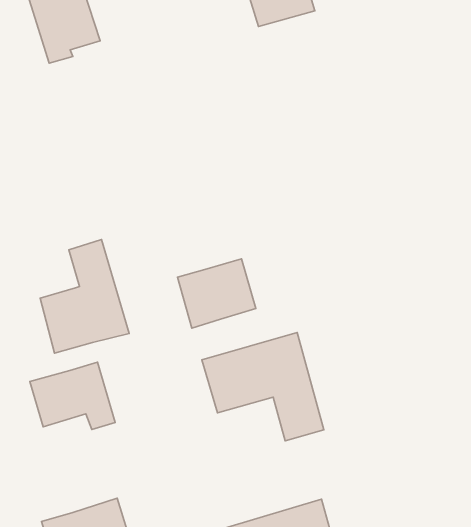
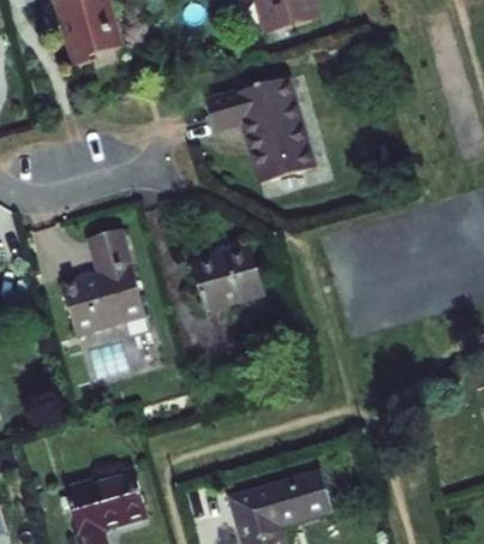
building: none -> [204,78,313,183]
building: [202,333,324,441] -> none
building: [30,362,115,429] -> none

